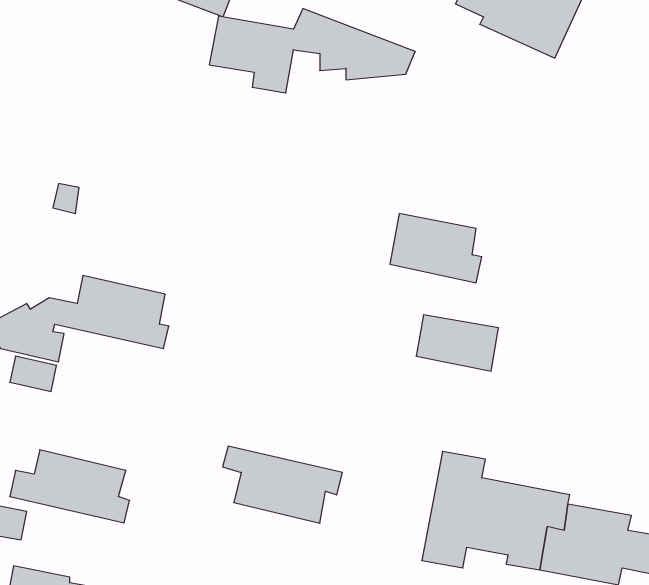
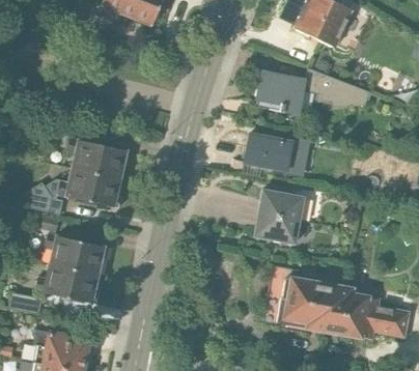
building: [209,9,415,93] -> [257,68,371,115]
building: none -> [69,138,133,178]
building: none -> [255,212,301,244]
building: [223,446,342,523] -> [45,233,111,276]

